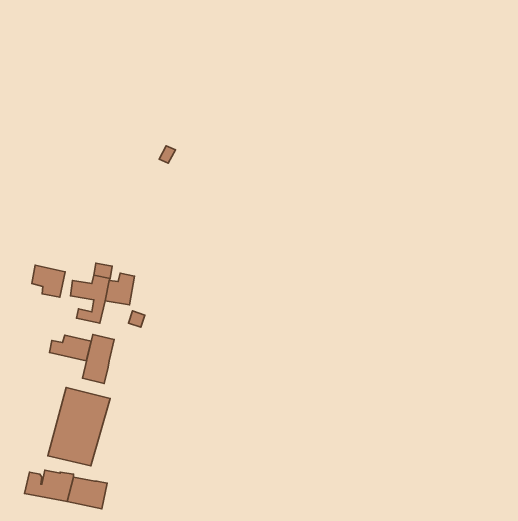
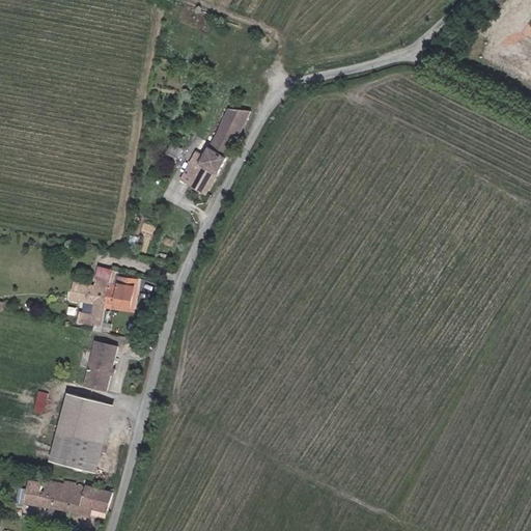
building: none -> [183,115,244,195]
building: [32,265,65,297] -> none
building: [50,335,91,361] -> none

